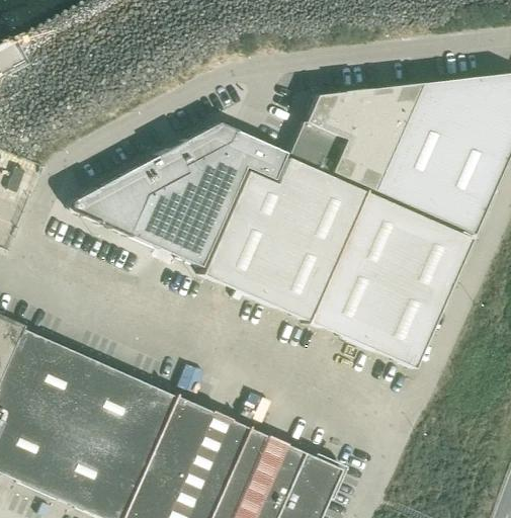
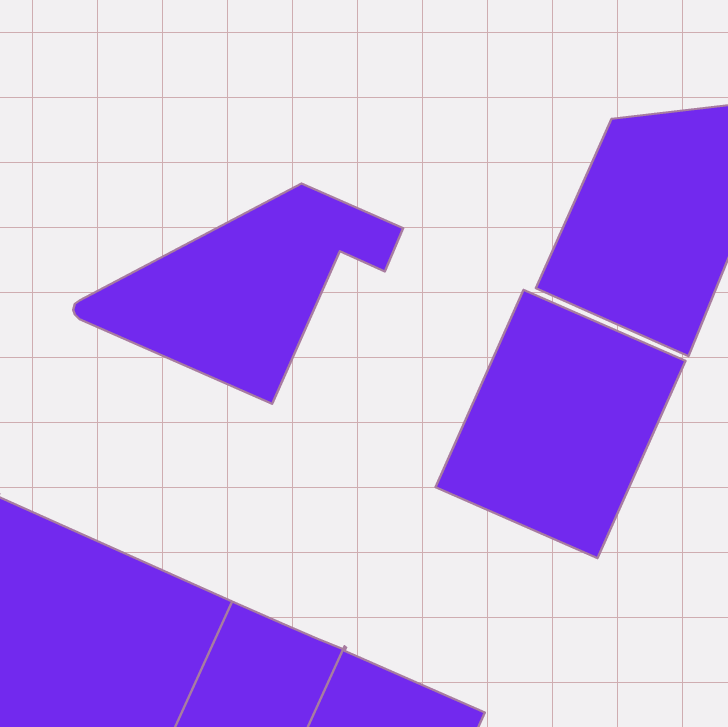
building: [292,80,425,191] -> none
building: [203,158,367,322] -> none

